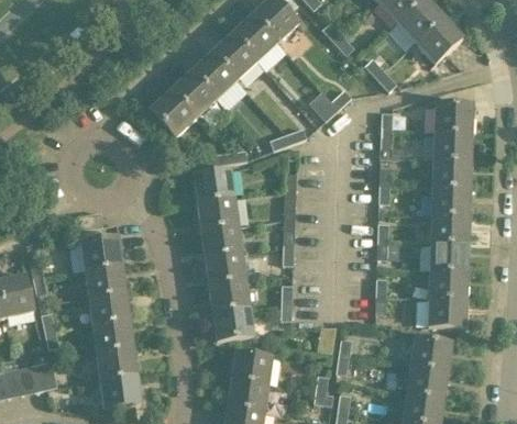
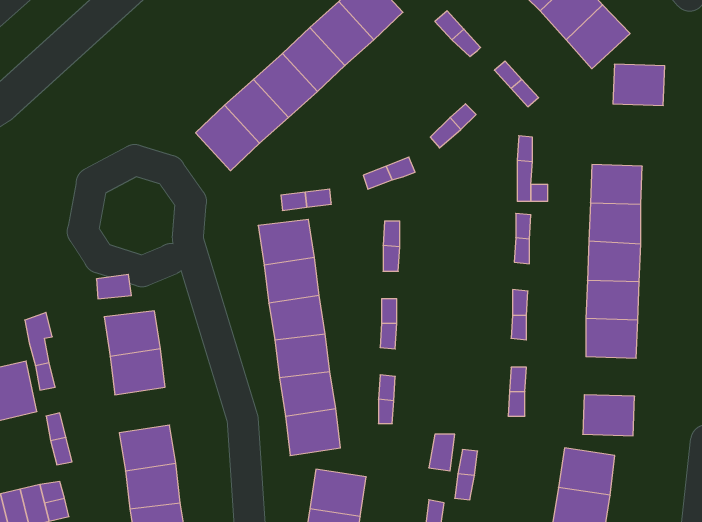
building: [435,104,472,134] -> [613,64,665,105]
building: [429,271,466,300] -> none
building: [90,293,130,326] -> none

